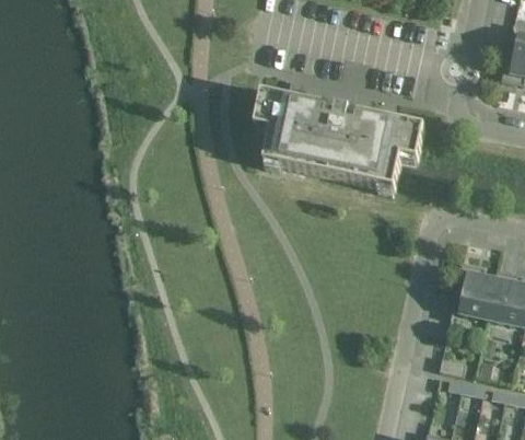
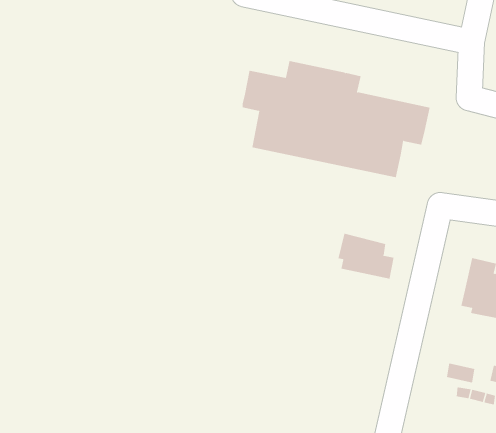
building: none -> [338,233,394,279]

